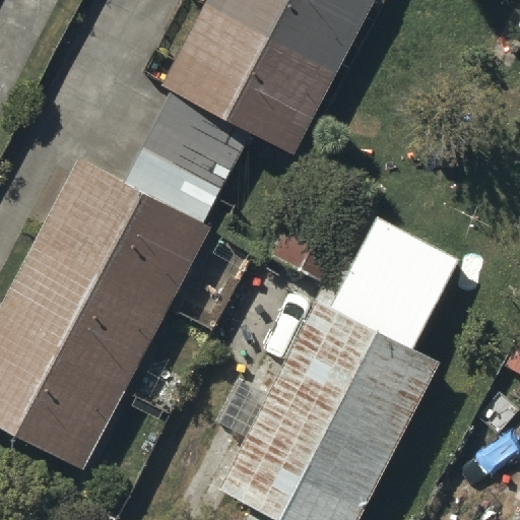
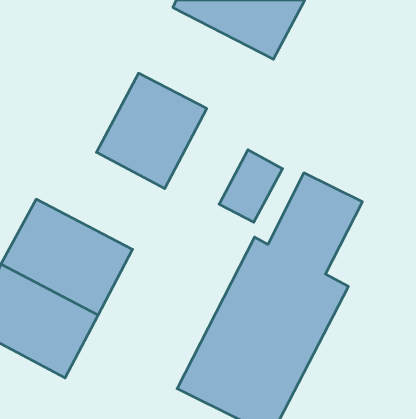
building: [171,11,337,156] -> none
building: [45,172,203,310] -> none

